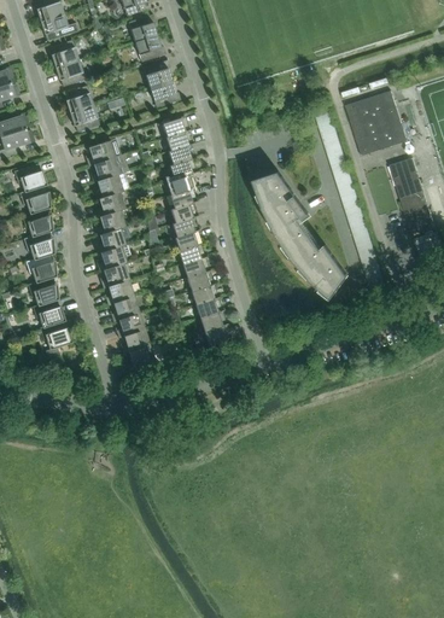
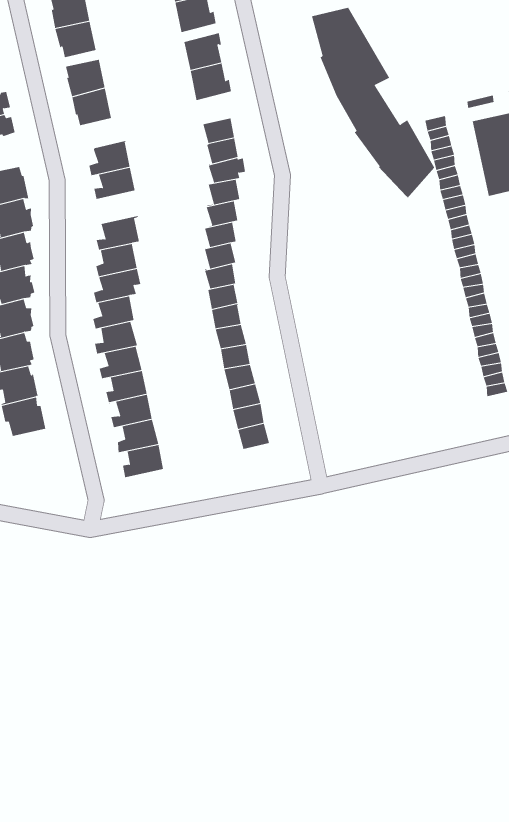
building: [253,171,347,299] -> [311,7,435,199]
building: [93,173,129,199] -> none

